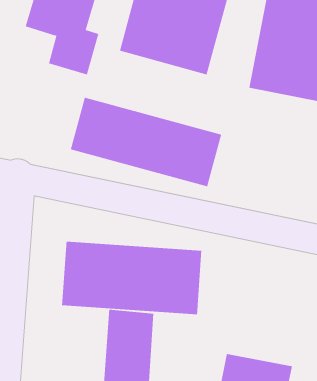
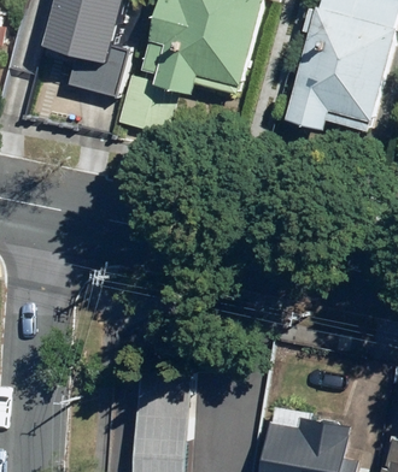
building: [70,97,222,187] -> none
building: [62,241,202,315] -> none

